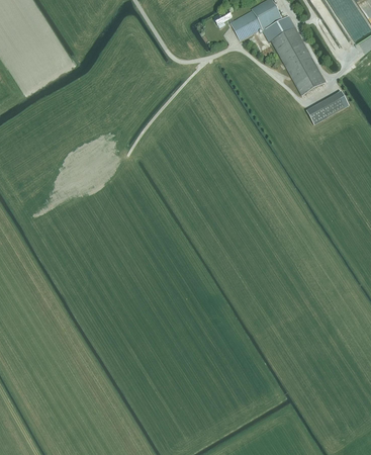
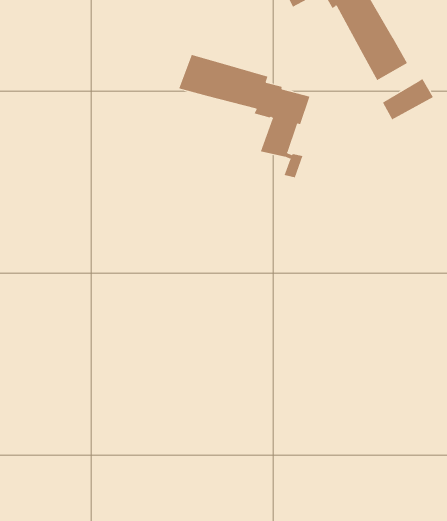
building: none -> [178,54,310,178]

